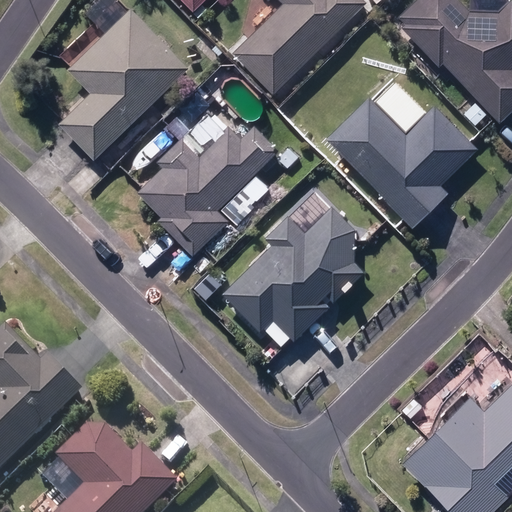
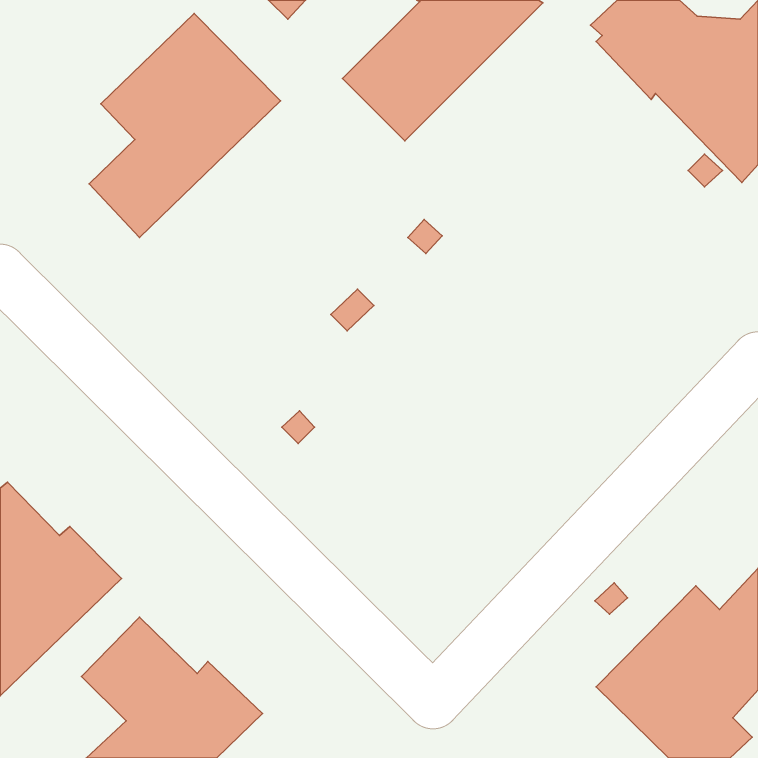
building: [325,96,478,229] -> none
building: [138,113,279,256] -> none
building: [224,207,365,342] -> none

